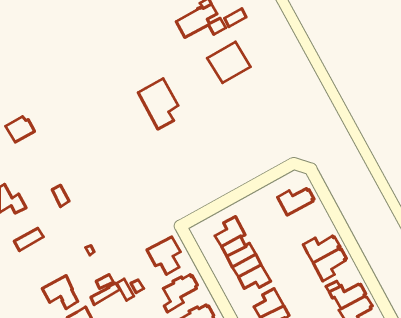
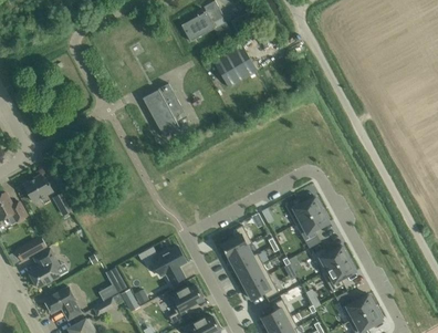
building: [5,116,34,142] -> [23,175,53,201]
building: none -> [295,209,330,242]
building: none -> [29,248,60,288]

